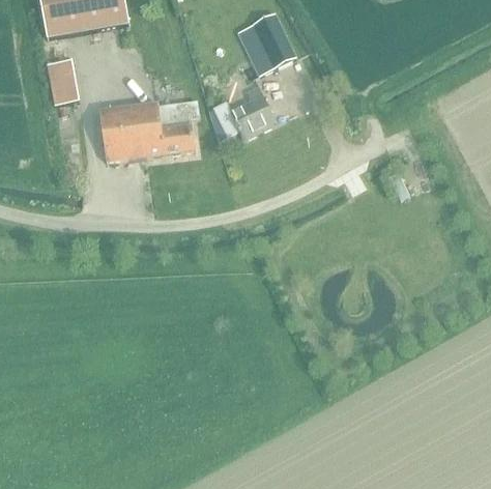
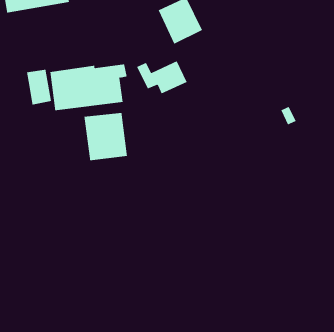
building: [48,59,81,106] -> [26,69,52,105]
building: none -> [84,112,128,161]

